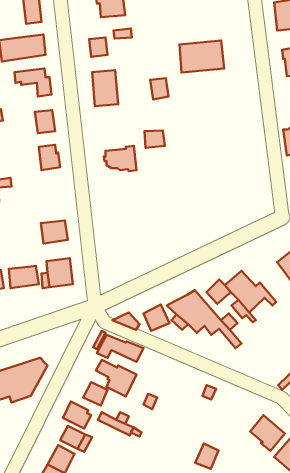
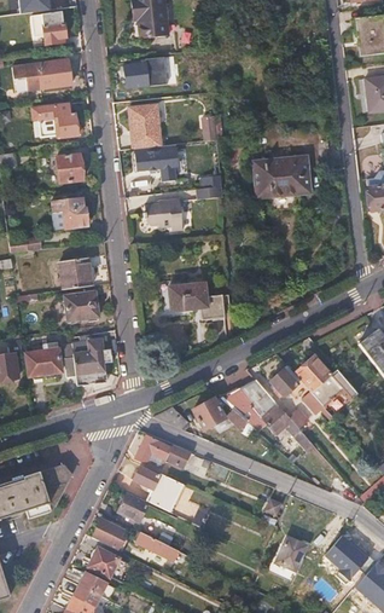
building: [180,41,224,72] -> [255,157,310,197]
building: none -> [132,151,175,185]
building: none -> [59,258,93,289]
building: none -> [169,283,223,319]
building: [195,444,218,469] -> [277,537,306,568]

